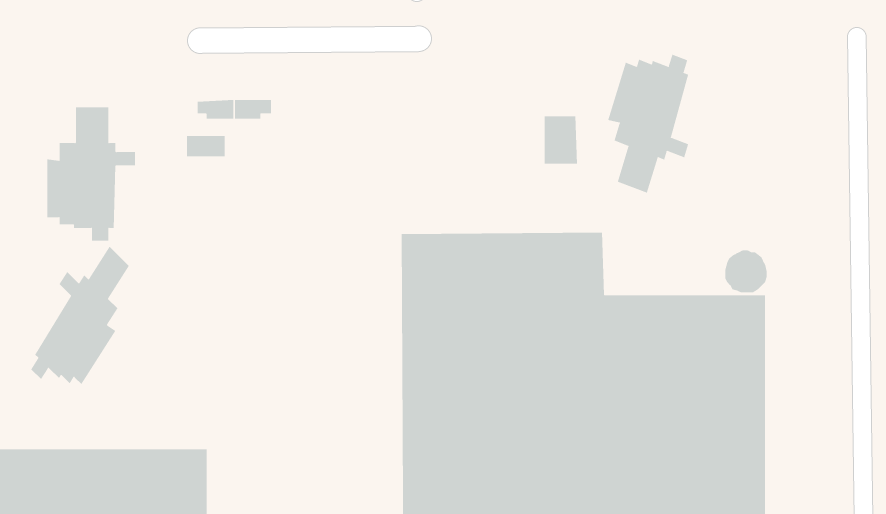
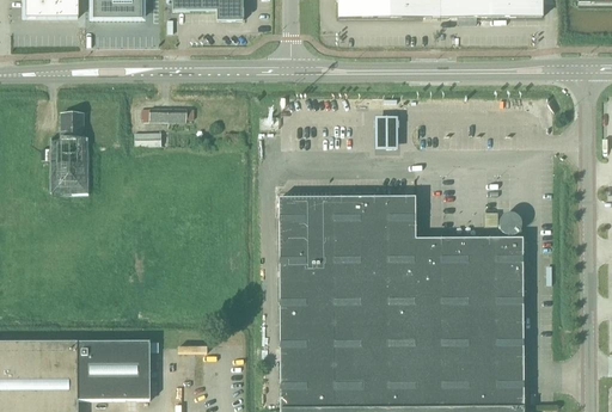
building: [608,54,689,194] -> none
building: [30,246,130,385] -> none

